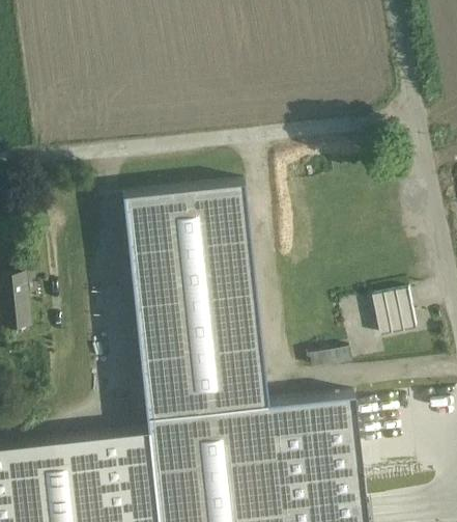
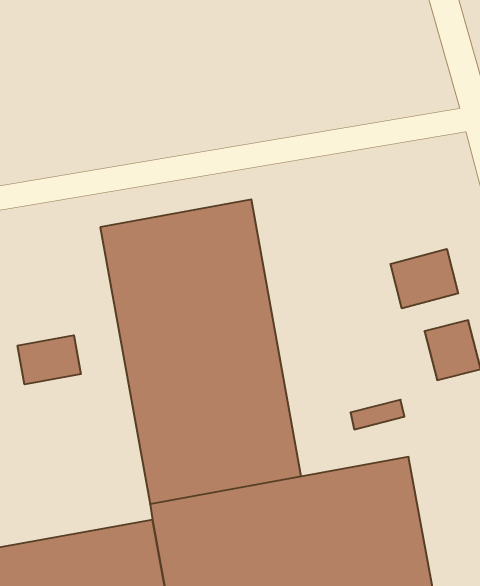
building: none -> [390,249,458,308]
building: none -> [18,335,81,384]

